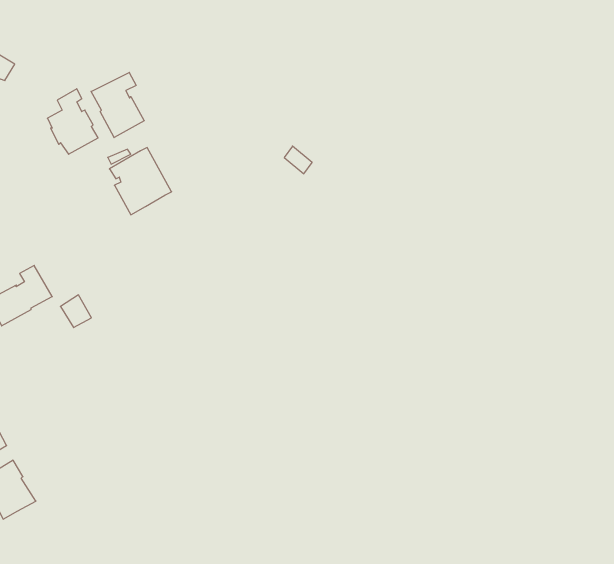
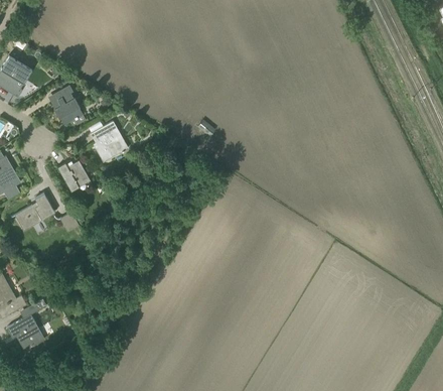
building: [91,72,144,138] -> none
building: none -> [58,160,92,192]

